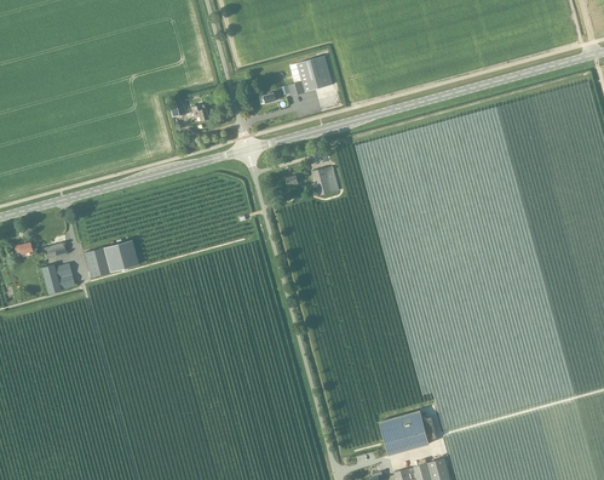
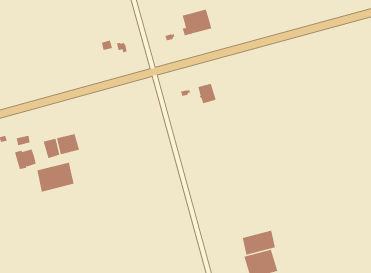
building: none -> [37,162,74,192]
building: none -> [242,230,276,256]

